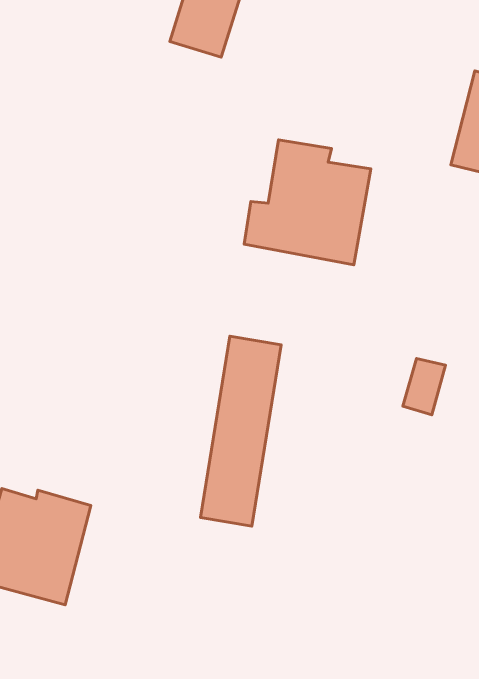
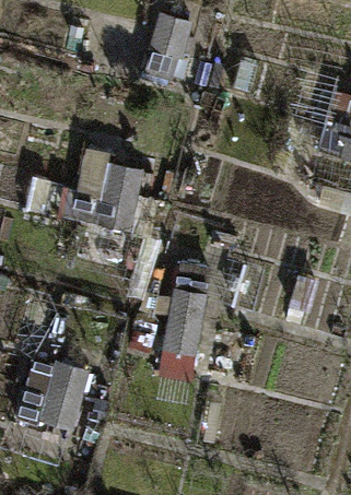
building: [244,140,371,265] -> [61,151,142,231]

